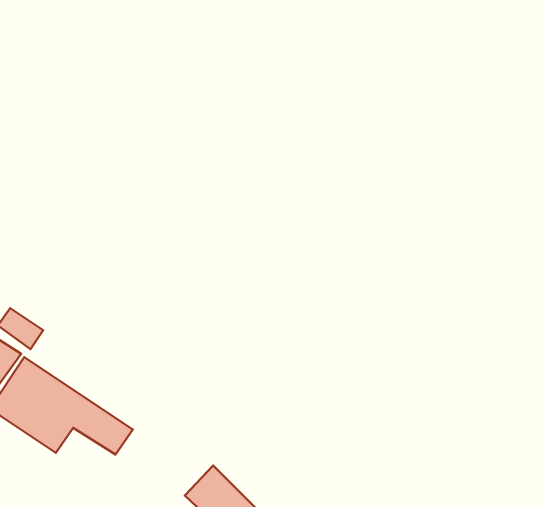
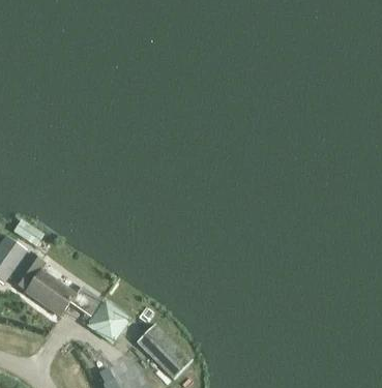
building: none -> [86,298,130,341]

